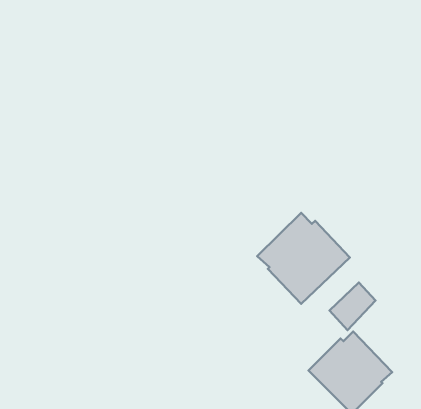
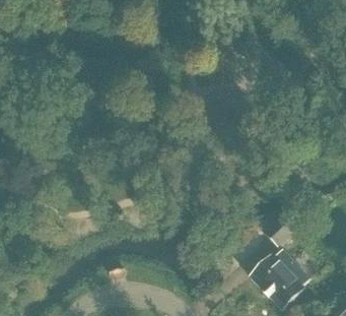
building: [257,213,350,304] -> none

